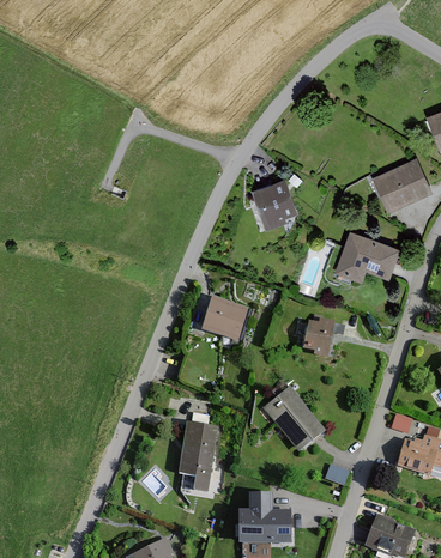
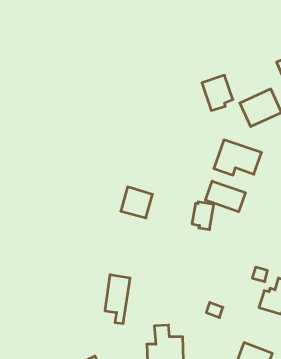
building: [252,176,296,226] -> [202,75,233,110]
building: none -> [205,181,245,212]
building: [264,387,325,451] -> none

